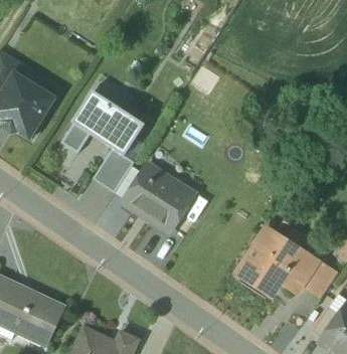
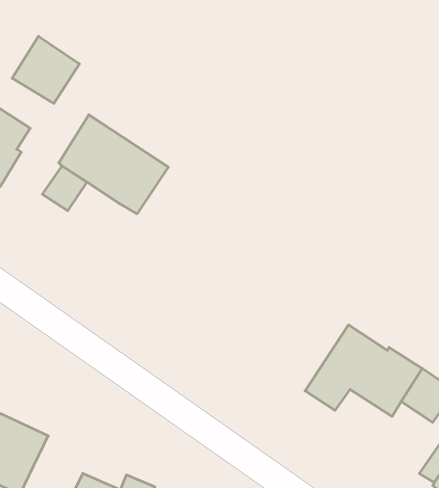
building: none -> [12,36,79,103]
building: [93,149,135,192] -> none
building: [125,171,194,227] -> none

